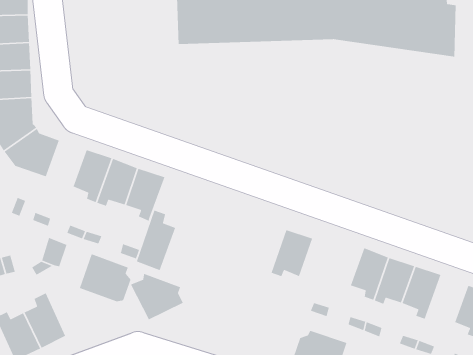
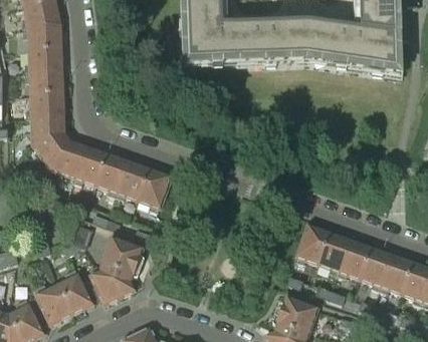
building: none -> [71,146,106,185]
building: [136,209,176,271] -> none
building: [271,229,313,277] -> [294,225,329,263]
building: [130,273,184,321] -> [89,265,133,303]
building: none -> [378,254,412,293]

